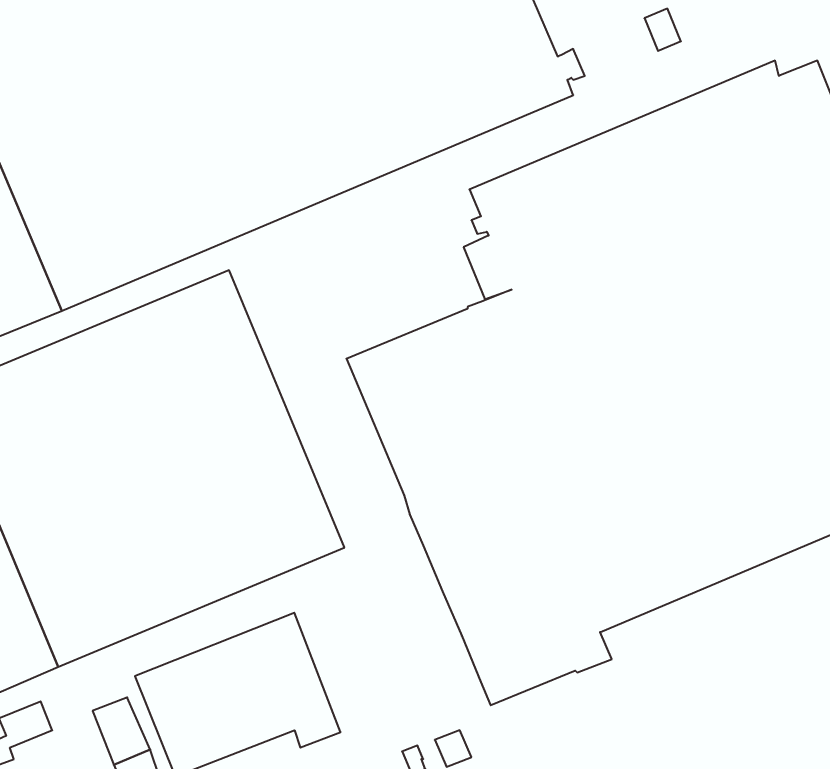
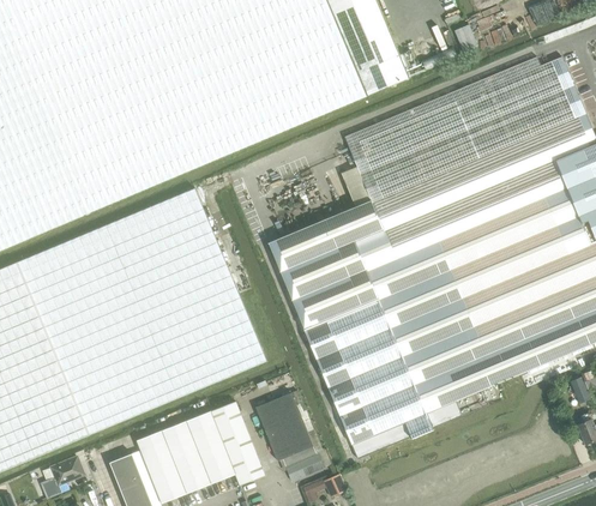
building: none -> [254,392,325,480]

